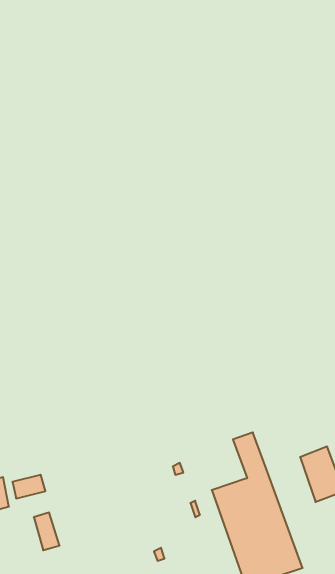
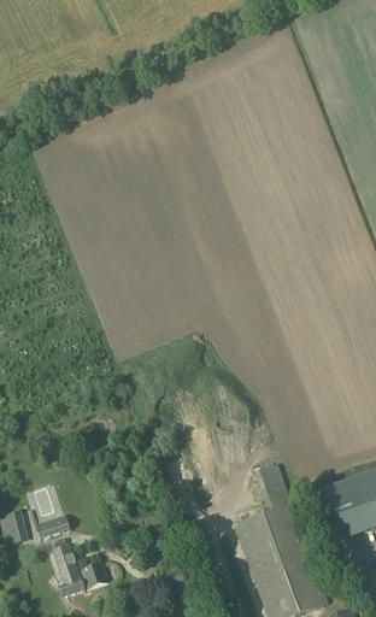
building: none -> [58,564,107,598]

